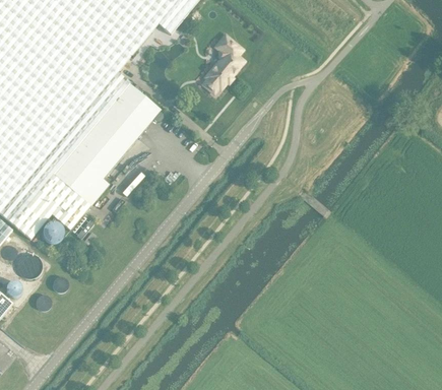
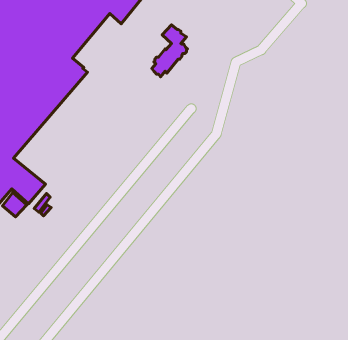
building: [53,86,162,208] -> none

